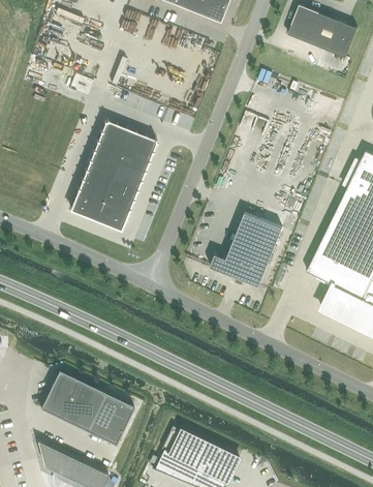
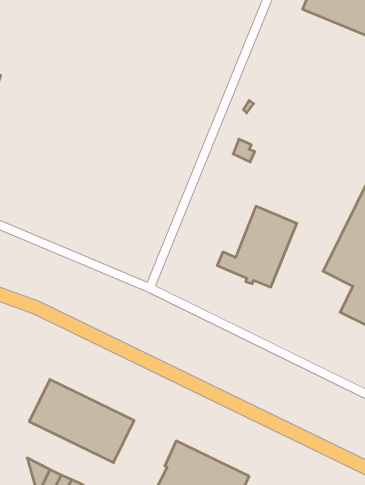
building: [71,120,157,230] -> none

